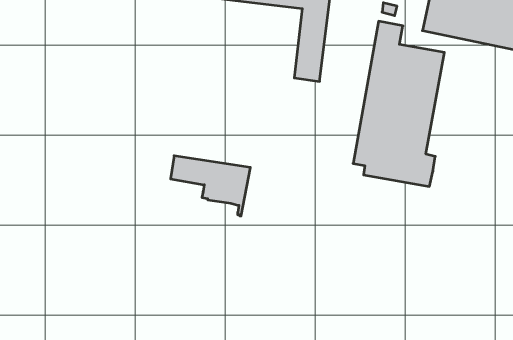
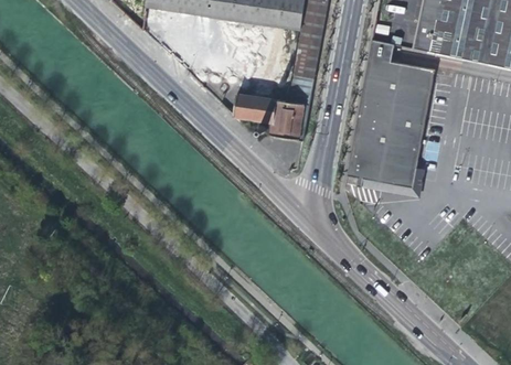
building: [171,156,250,216] -> [233,93,309,150]

